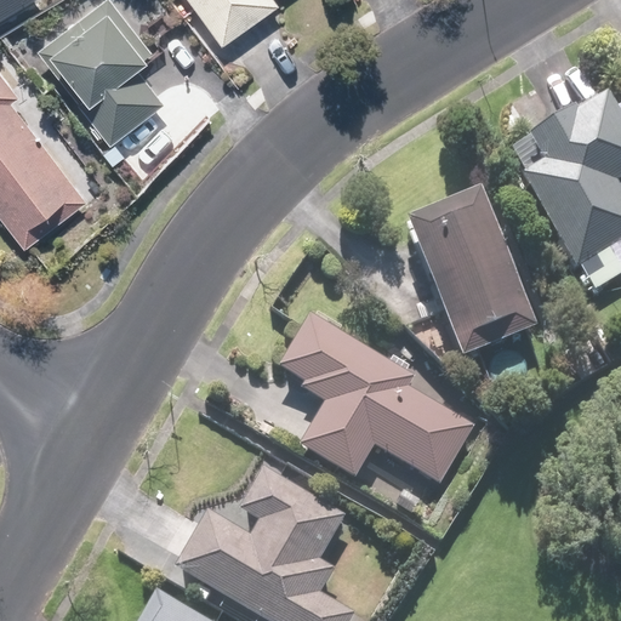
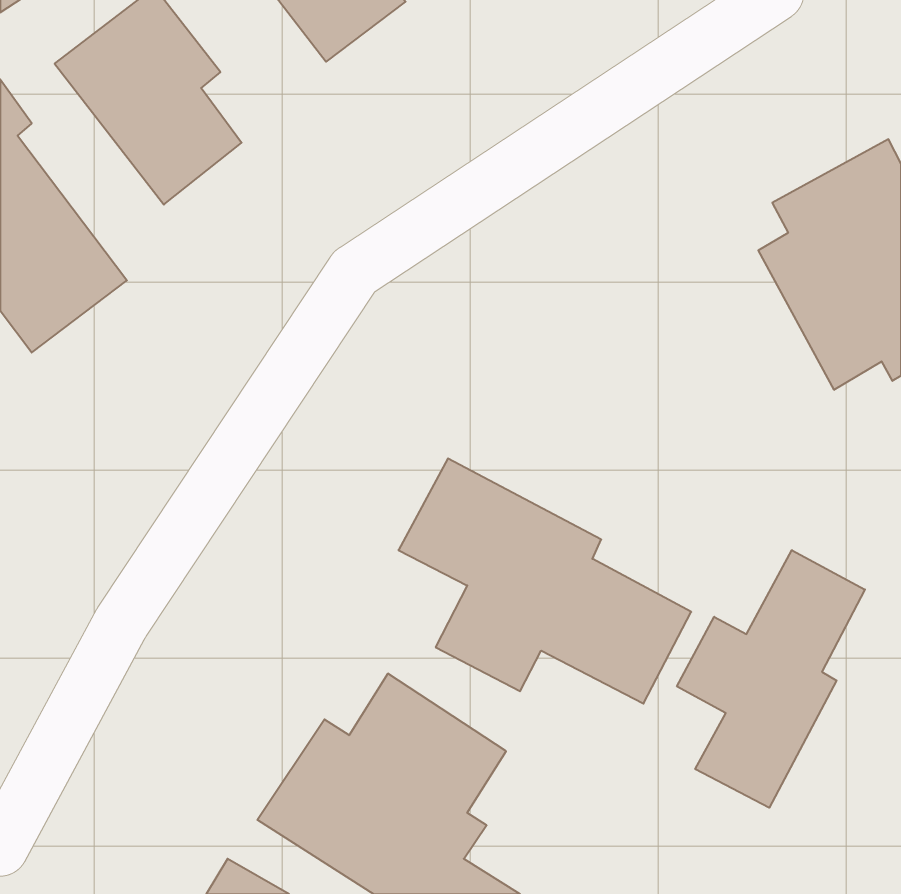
building: [409,195,537,359] -> none
building: none -> [677,550,865,808]

